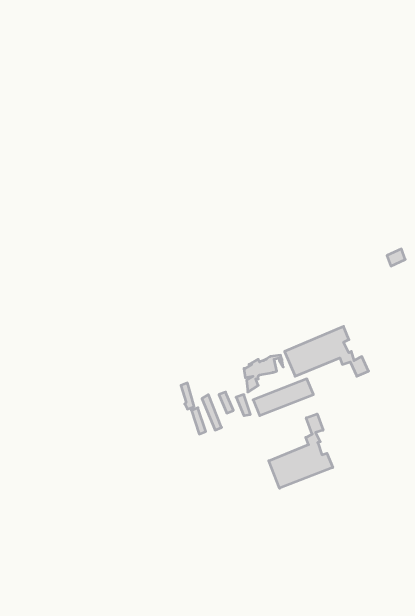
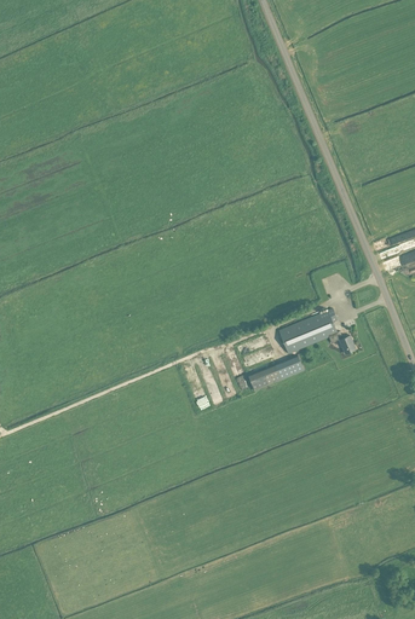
building: [269,414,333,488] -> none

